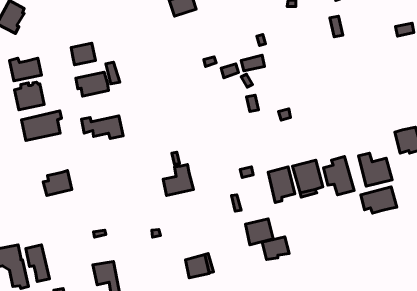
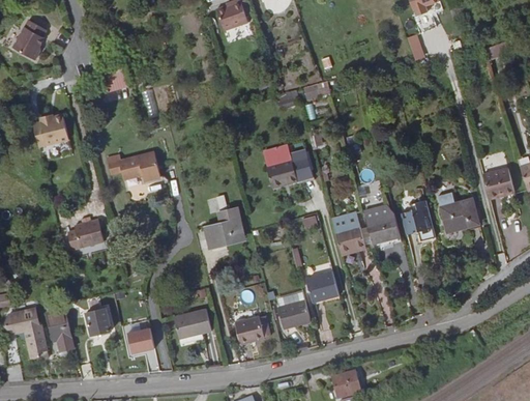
building: [9,58,42,81] -> none
building: [76,72,108,96] -> none
building: none -> [266,145,315,185]
building: [22,111,62,140] -> none
building: [361,187,397,213] -> none
building: [262,237,289,259] -> [277,302,310,328]
building: none -> [83,305,108,331]
building: none -> [173,307,211,338]

